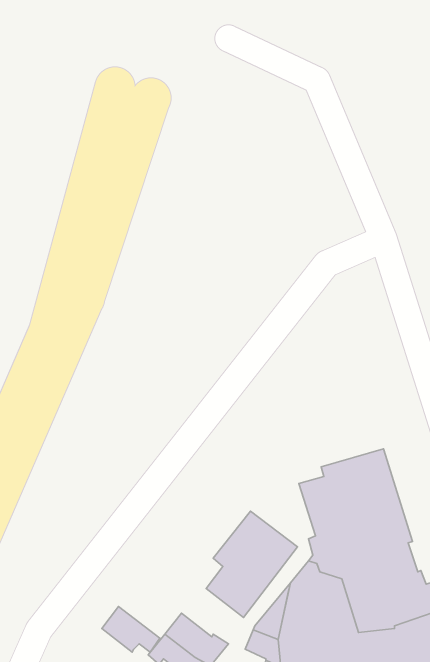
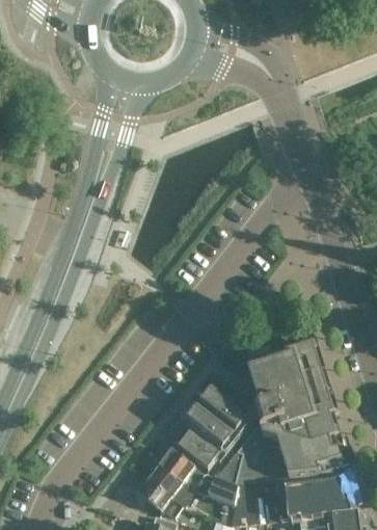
building: [102,607,160,652] -> [159,449,203,483]

